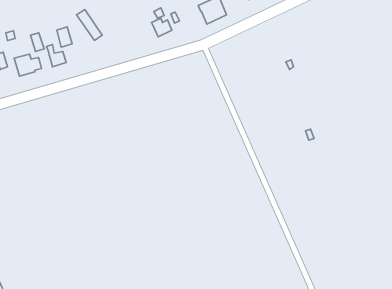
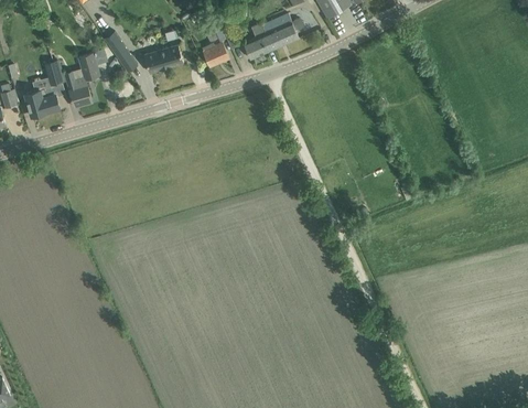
building: none -> [243,23,272,58]
building: none -> [143,44,182,73]

